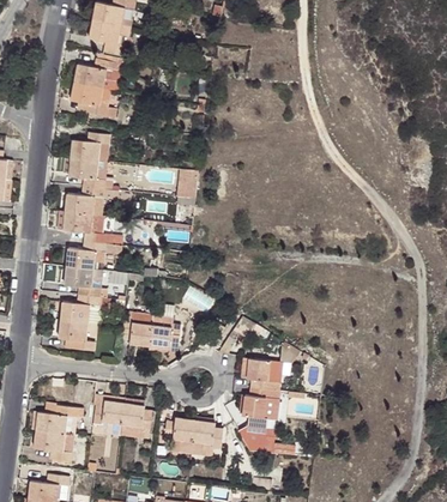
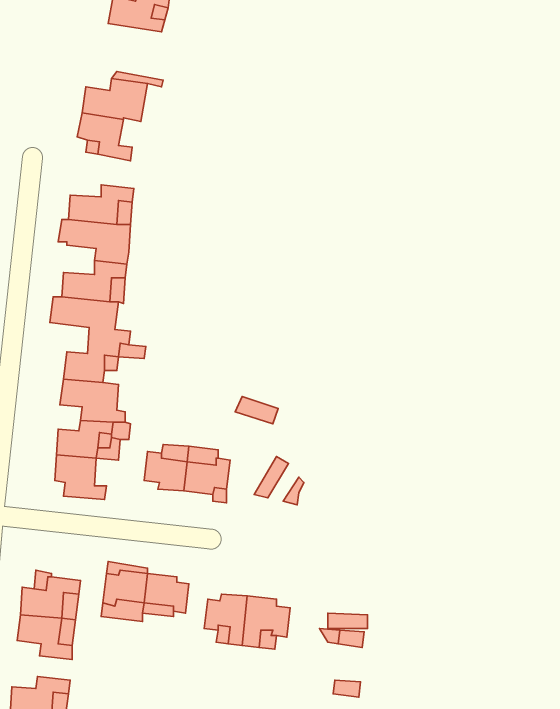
building: [90,20,131,55] -> none
building: [179,167,200,195] -> none
building: [240,359,278,430] -> none

